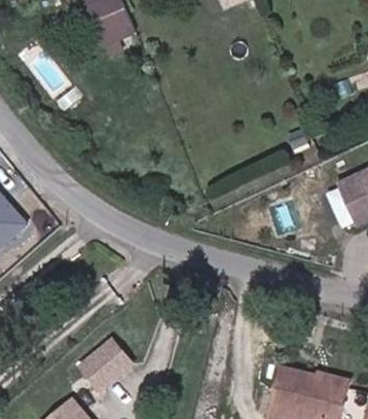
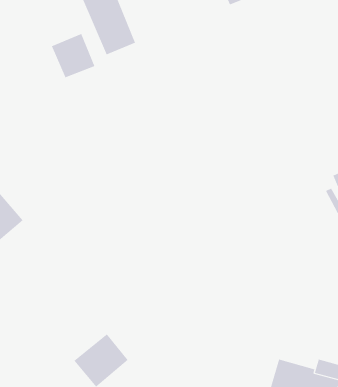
building: none -> [51,33,95,78]

